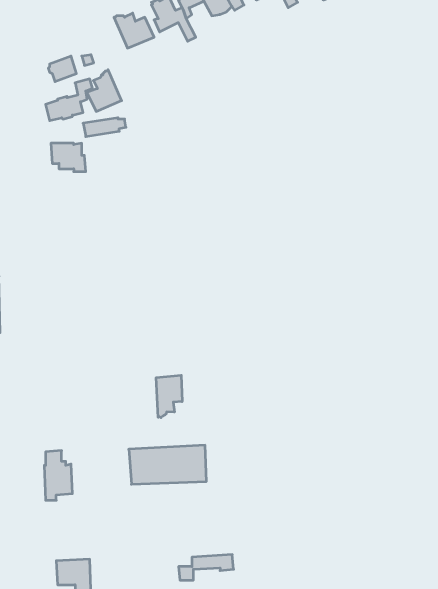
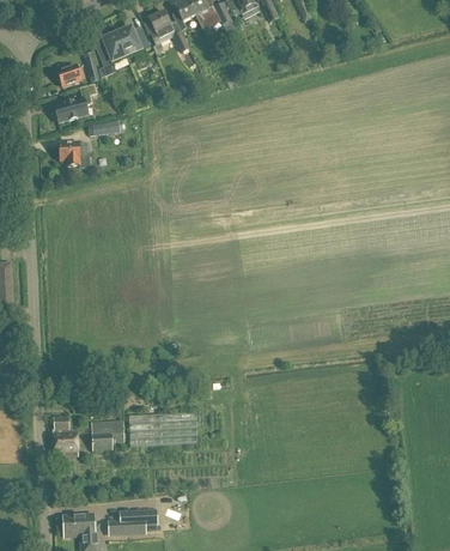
building: [87,70,122,111] -> [96,29,127,66]
building: [156,375,182,418] -> none
building: none -> [91,420,123,449]
building: [179,555,234,580] -> [108,509,157,532]

